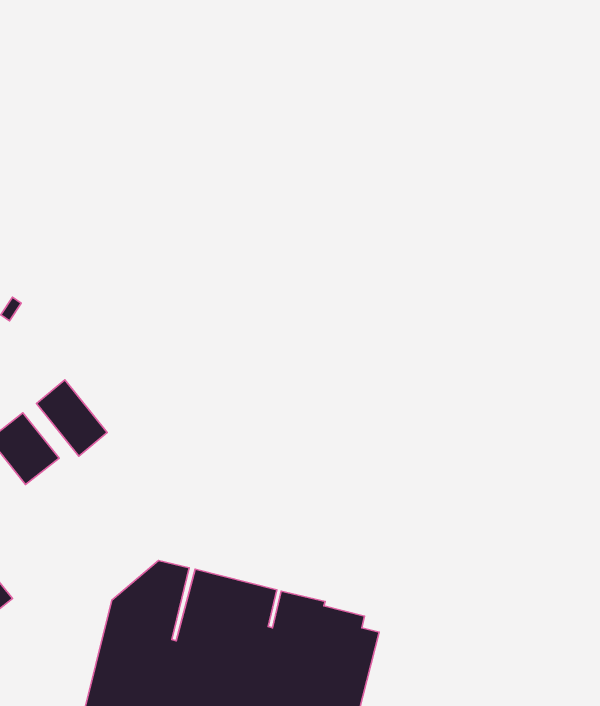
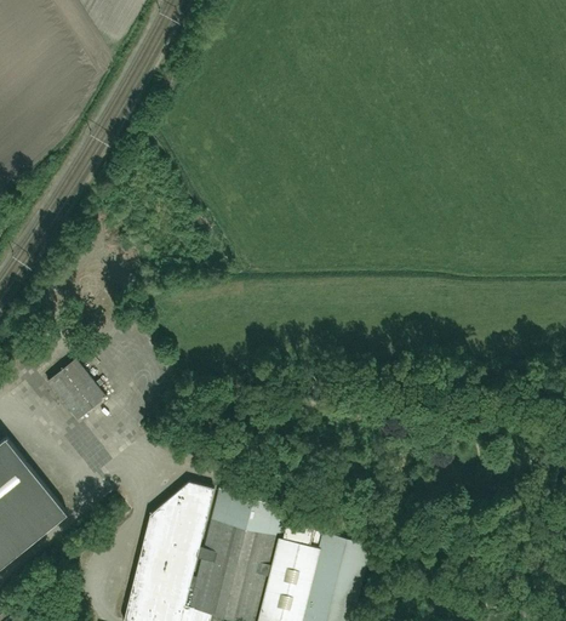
building: [36,380,107,456] -> none

